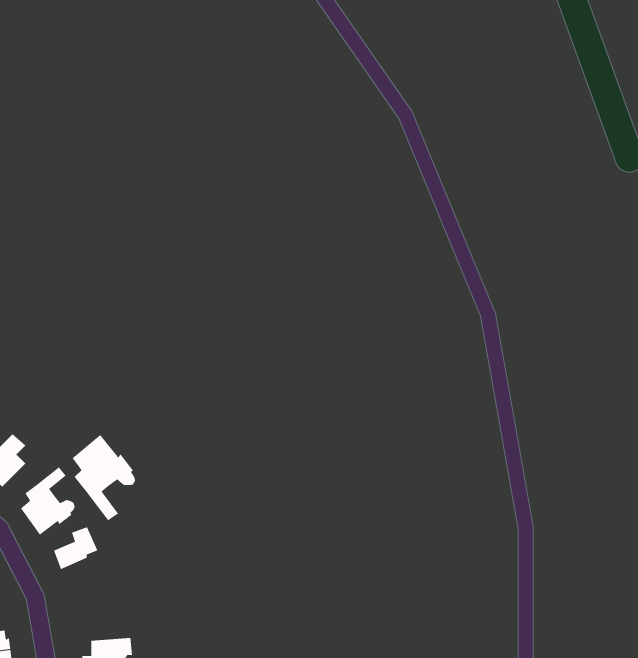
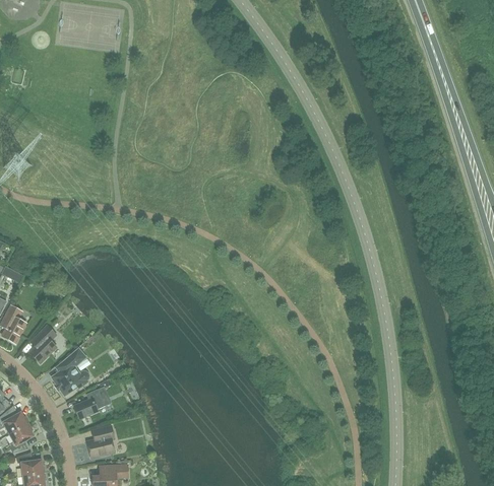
building: [72,434,136,521] -> none
building: none -> [86,425,112,458]

